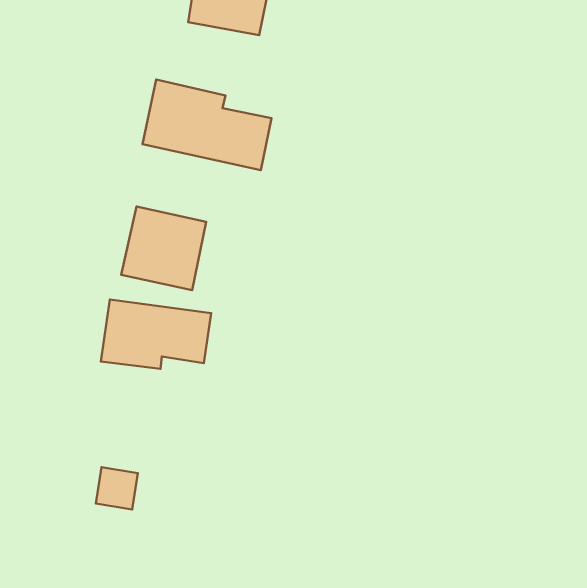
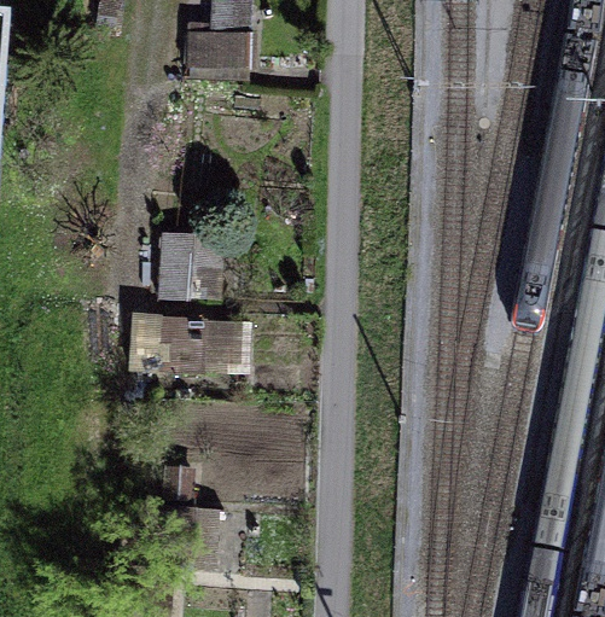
building: [142,79,272,170] -> none

